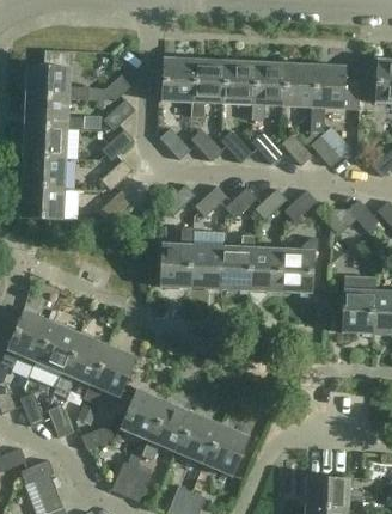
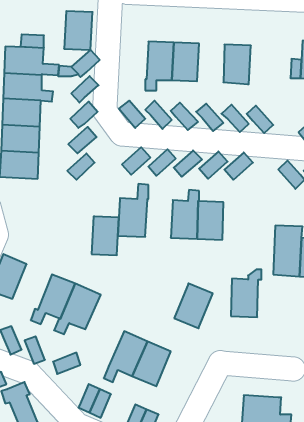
building: [161,57,195,103] -> [64,11,93,50]
building: [252,61,284,106] -> none
building: [311,63,361,130] -> none
building: [282,237,318,293] -> [231,269,261,317]
building: [191,244,223,289] -> [92,216,119,255]
building: [35,320,81,374] -> none
building: [120,387,166,440] -> none
building: [204,423,250,476] -> [174,283,213,328]

